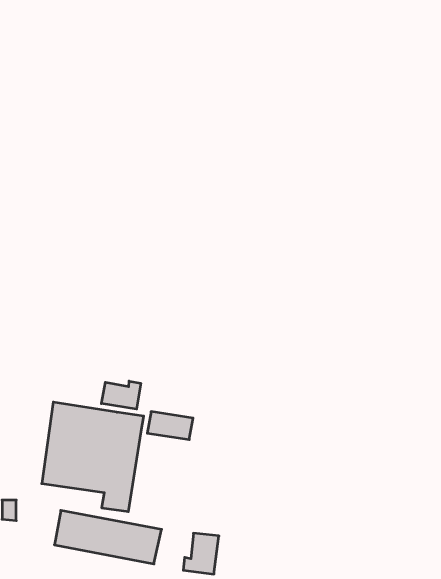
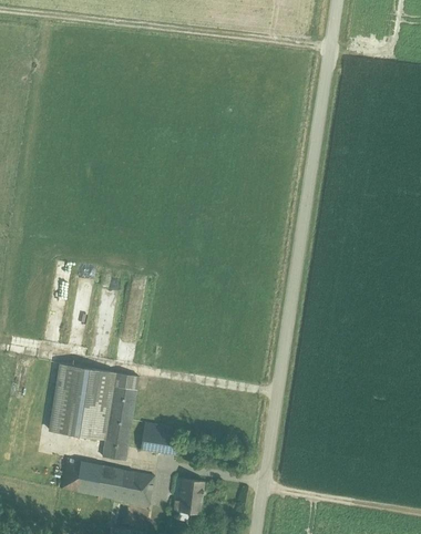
building: [101,381,141,409] -> none
building: [147,412,193,440] -> [138,430,178,454]

